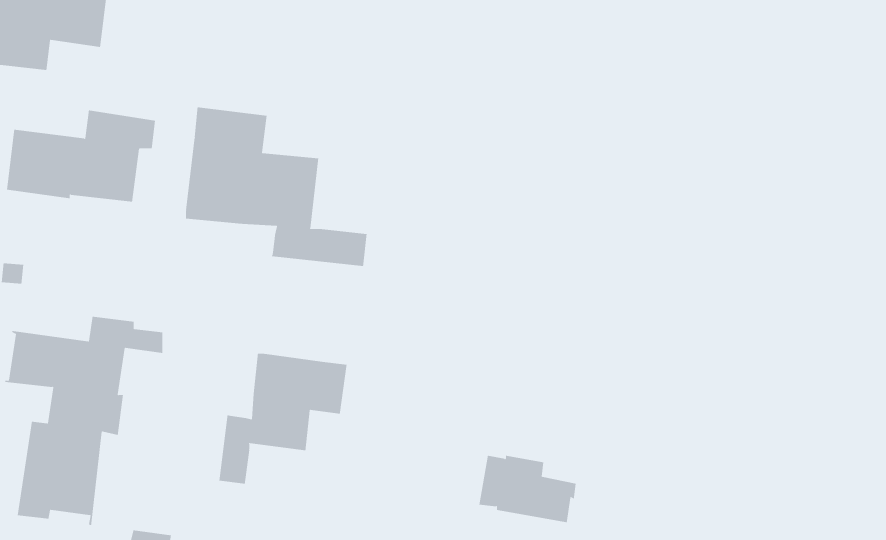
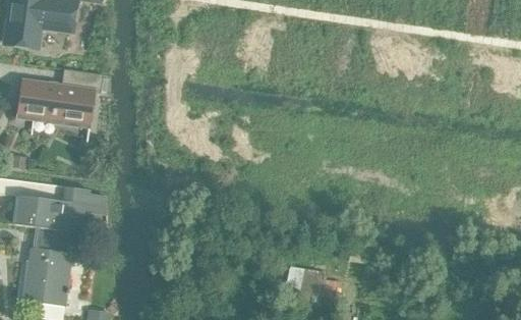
building: [186,106,367,267] -> none
building: [219,353,347,485] -> none

